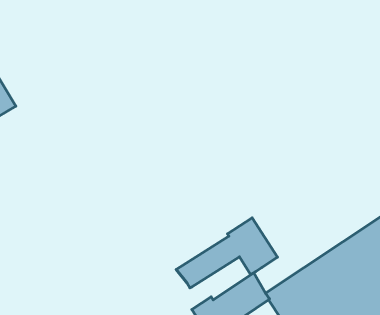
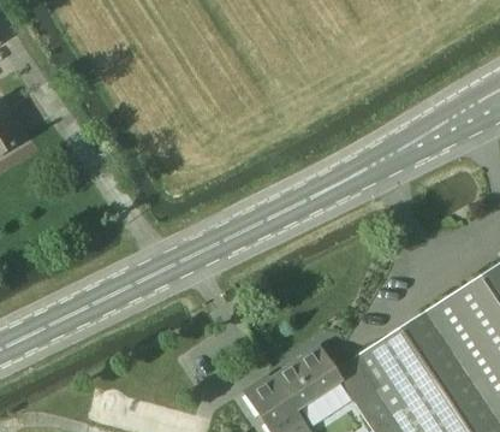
building: [176,218,278,288] -> none

